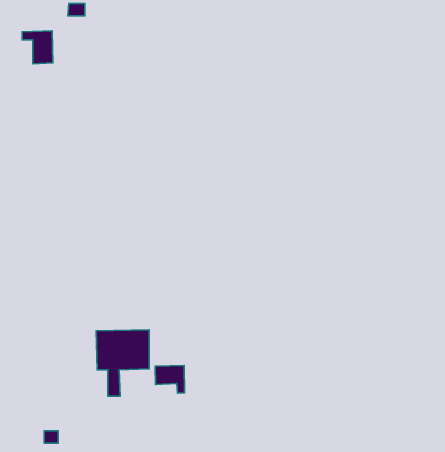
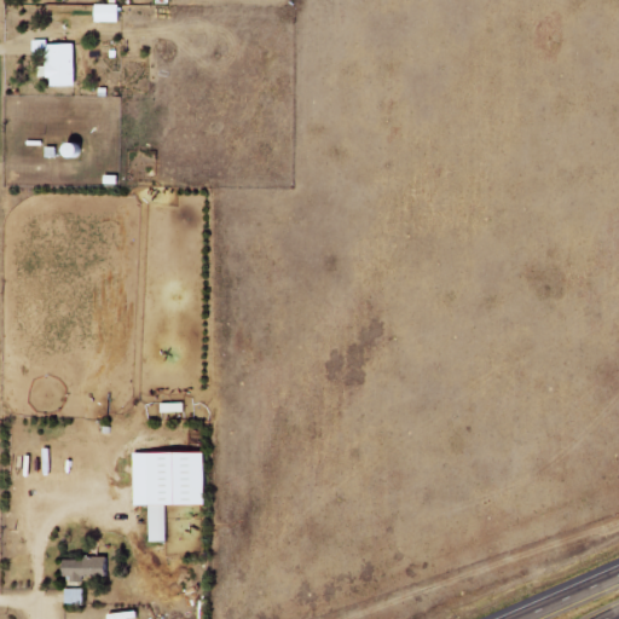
building: [155,366,185,393] -> none
building: none -> [62,557,104,579]

